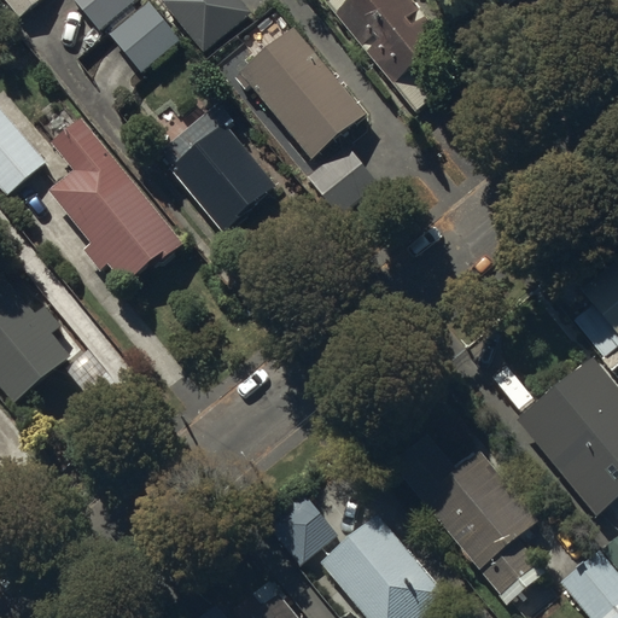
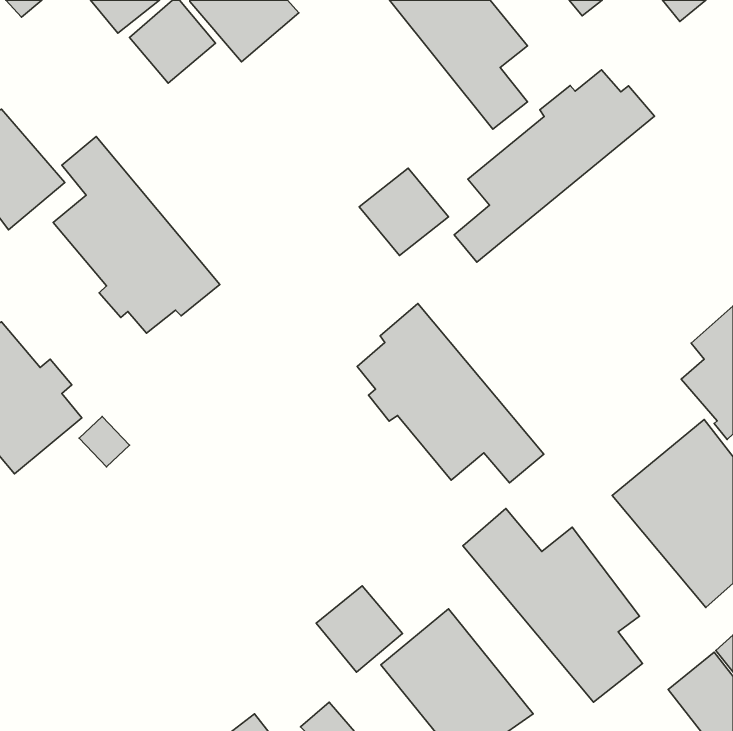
building: [238,25,366,158] -> none
building: none -> [454,70,654,262]
building: [159,100,275,228] -> none
building: none -> [357,303,544,483]

